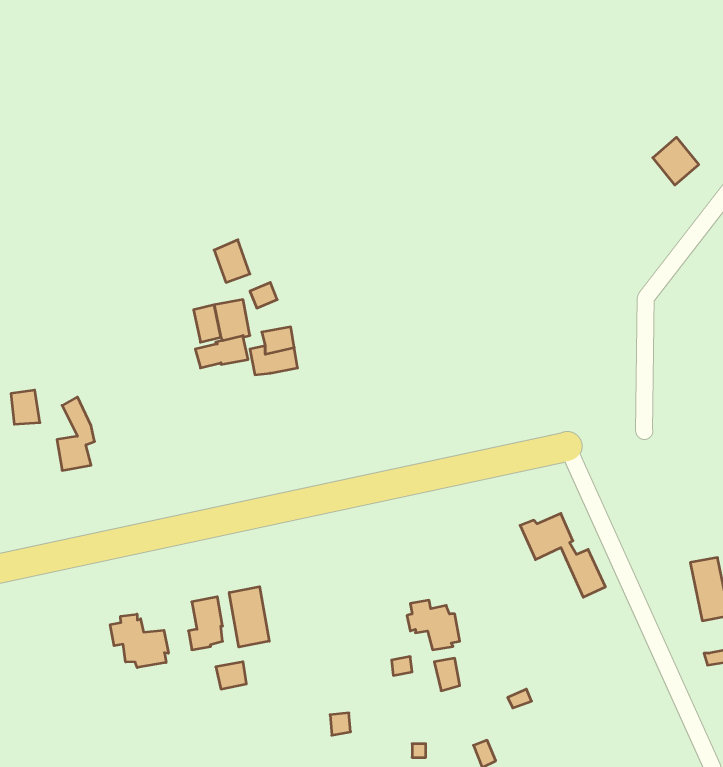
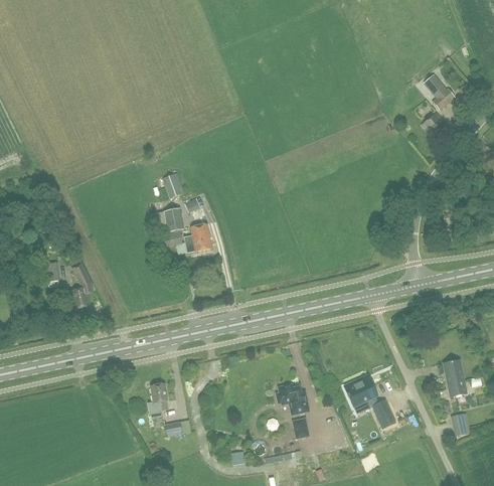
building: none -> [425,73,455,109]
building: [520,513,605,597] -> [345,378,395,428]
building: [229,587,269,647] -> none
building: [110,614,168,668] -> none

